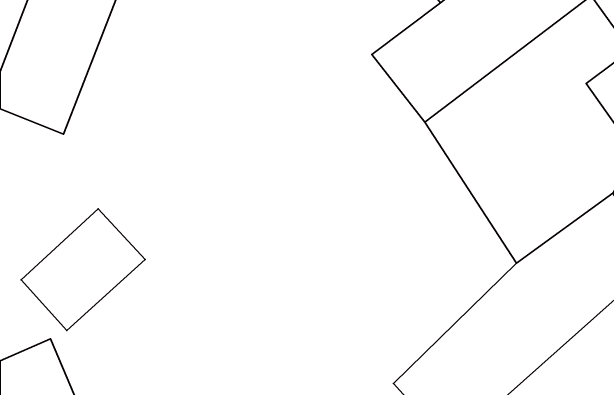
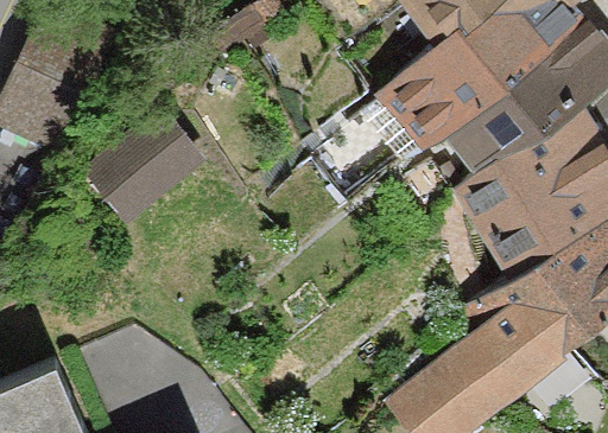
building: [21,209,145,331] -> [82,114,204,234]

